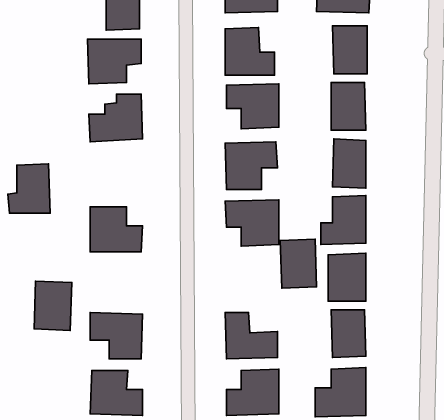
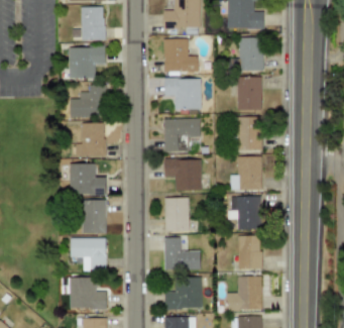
building: [8,164,50,213] -> [75,122,104,156]
building: [280,239,317,288] -> [163,197,189,231]
building: [34,281,72,330] -> [80,199,106,233]

